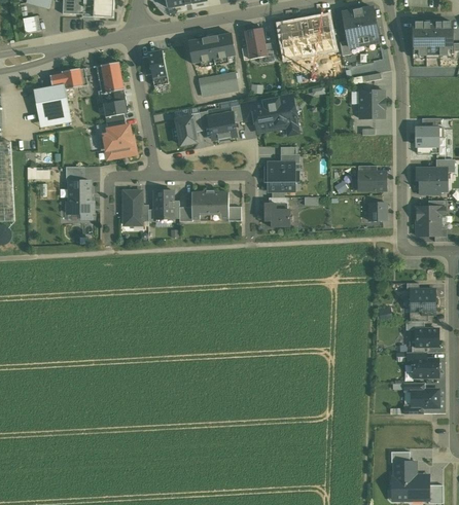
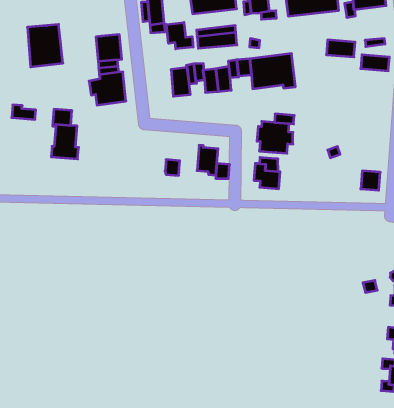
building: [96,62,123,92] -> none
building: [49,67,82,88] -> none
building: none -> [166,22,193,49]
building: [359,103,386,117] -> [326,40,355,57]
building: [357,171,386,189] -> none
building: [122,189,141,223] -> none
building: [153,189,172,217] -> none
building: [190,189,209,217] -> none

